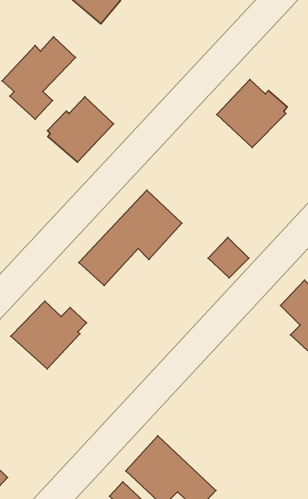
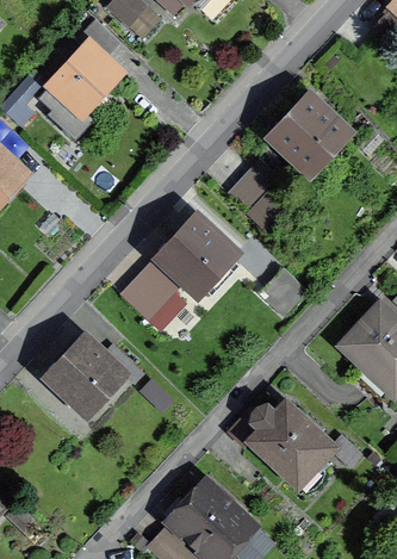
building: [47,97,113,162] -> none
building: none -> [228,167,284,223]
building: none -> [228,405,333,491]

